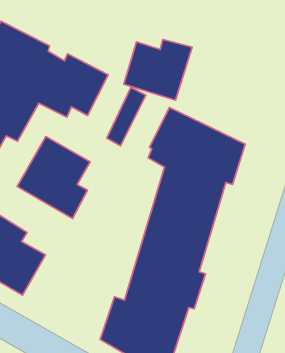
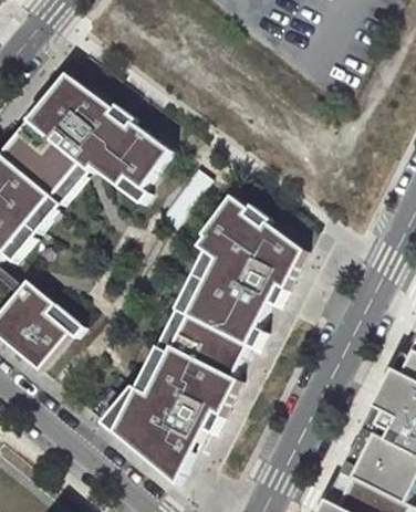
building: [124,39,192,100] -> none
building: [17,136,90,219] -> none

